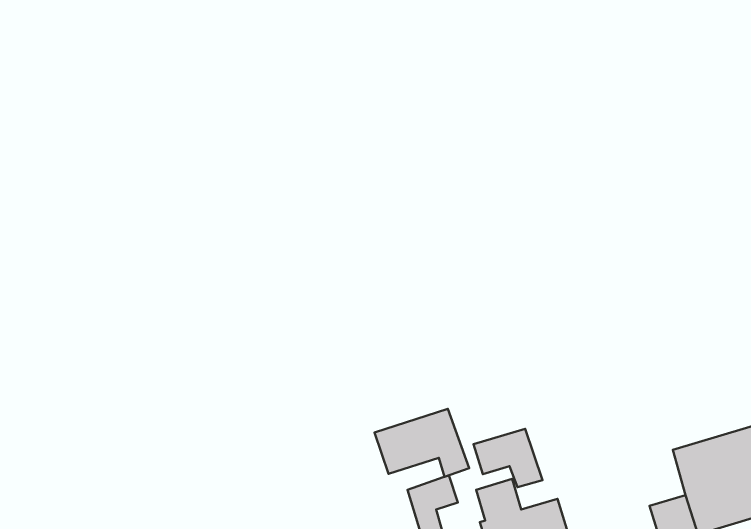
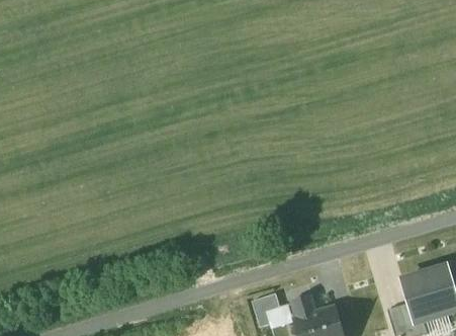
building: [375,409,469,477] -> none
building: [474,429,543,487] -> none

